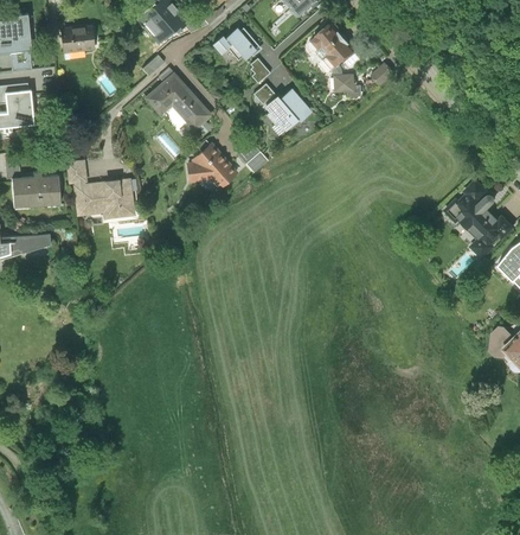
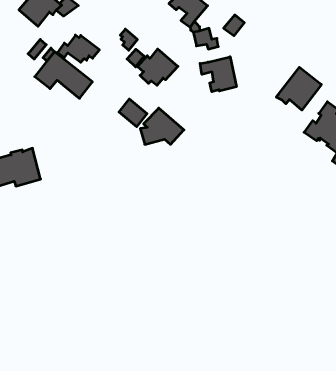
building: [213,28,262,60] -> [57,35,99,62]
building: none -> [200,57,236,92]
building: none -> [276,67,321,110]
building: [187,144,237,187] -> [140,108,184,144]

